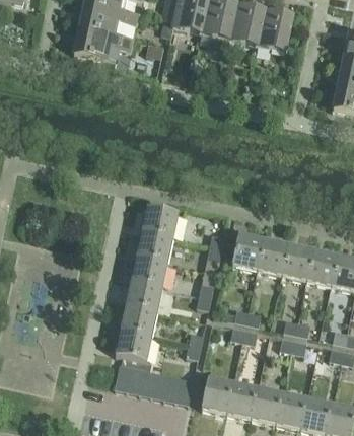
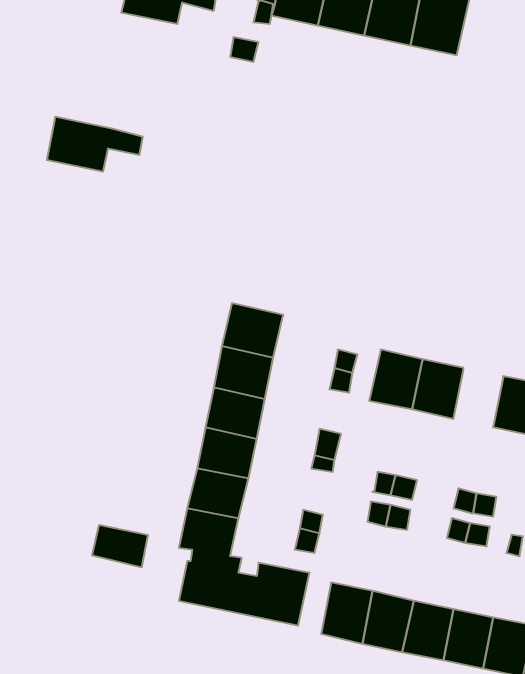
building: [74,25,133,59] -> [47,117,143,172]
building: [283,243,313,280] -> none
building: none -> [92,525,148,567]

